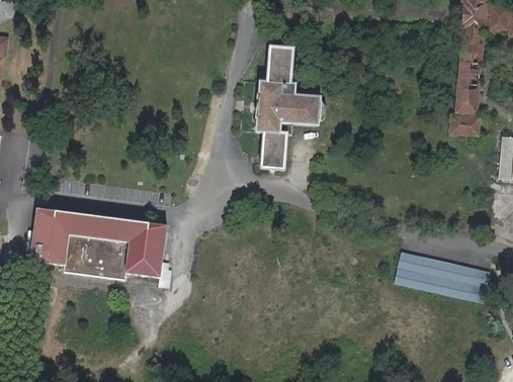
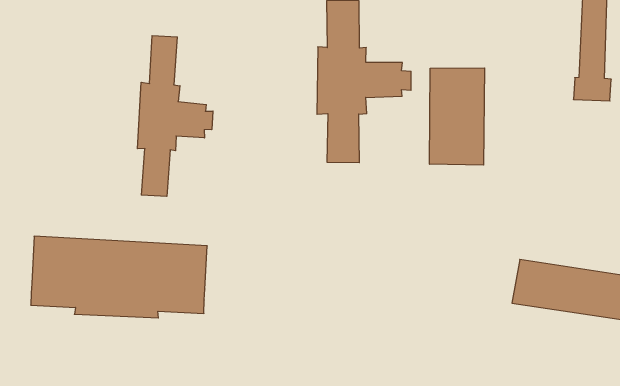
building: none -> [137,36,213,196]
building: none -> [430,68,485,165]

